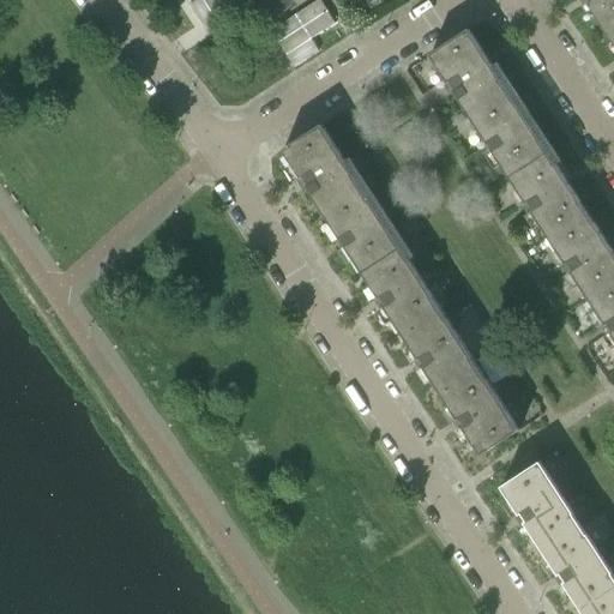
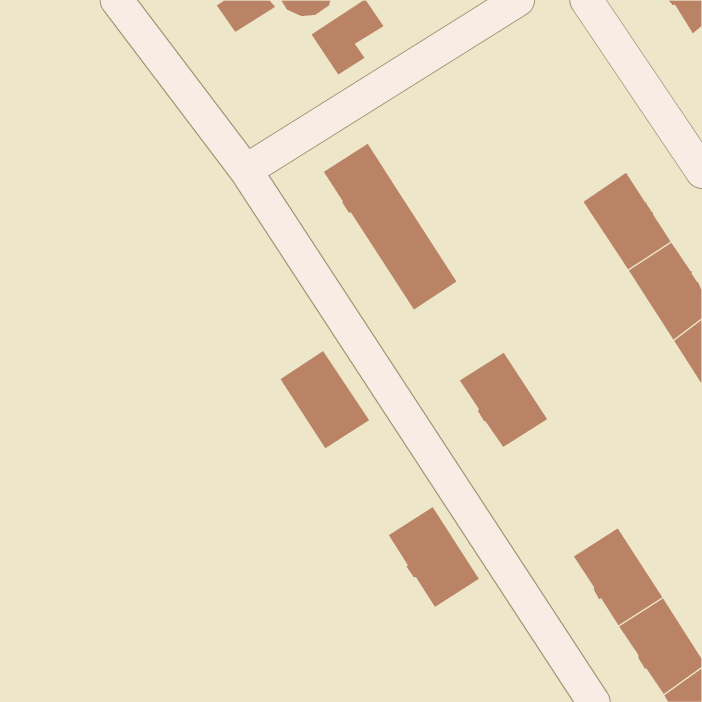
building: [429,29,547,176] -> none
building: [361,246,440,332] -> [280,350,370,449]
building: [439,366,519,455] -> [388,506,480,608]

